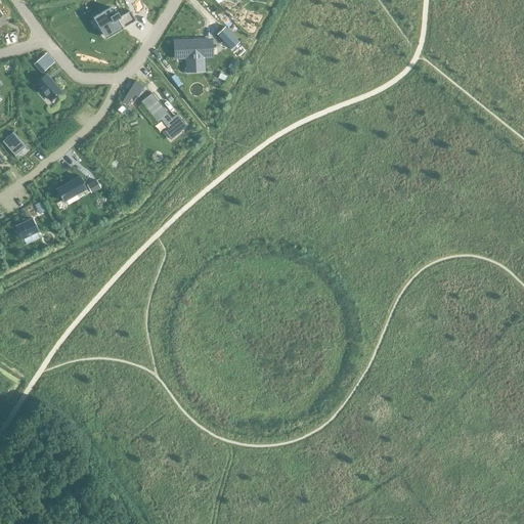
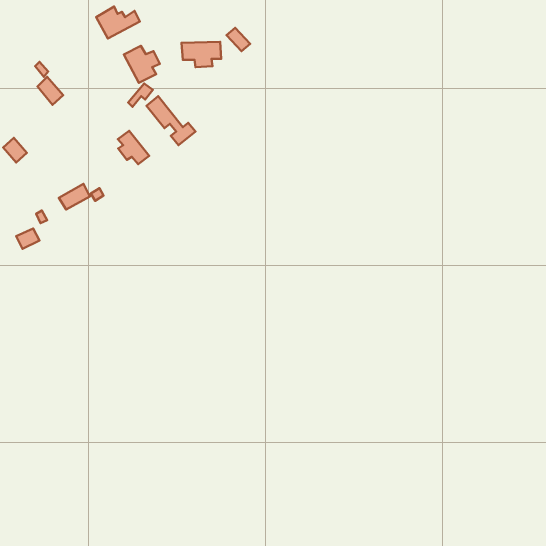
building: none -> [124,46,160,83]
building: none -> [118,131,149,164]

